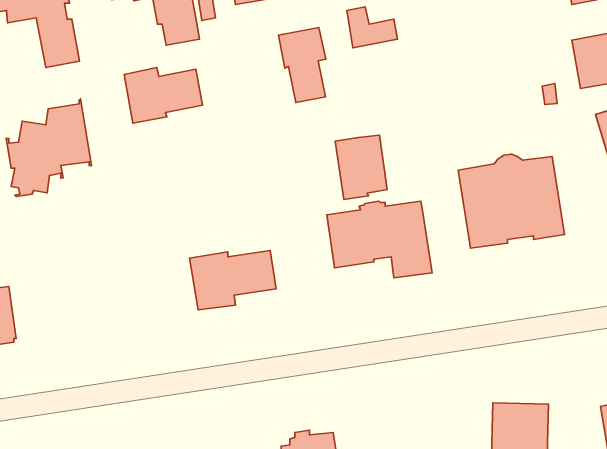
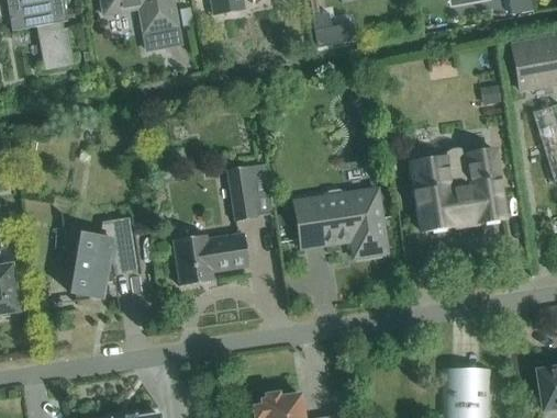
building: [278,28,326,103] -> none
building: [124,67,203,123] -> none
building: [6,99,92,197] -> [66,214,142,301]
building: [335,135,387,199] -> [227,163,274,221]

